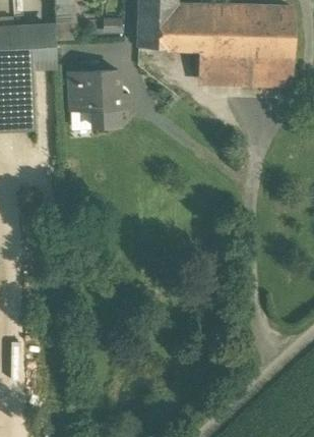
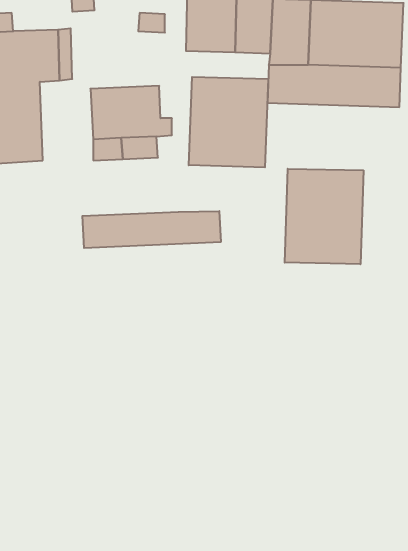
building: none -> [189,77,268,167]
building: none -> [285,169,363,264]
building: none -> [82,211,221,248]

